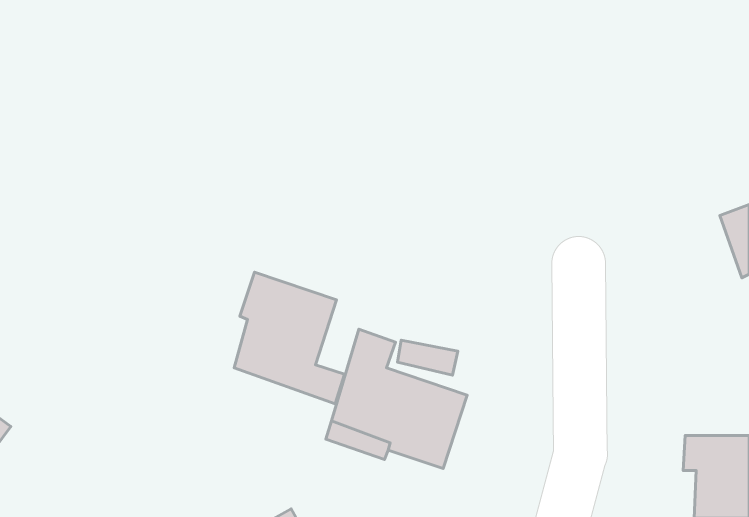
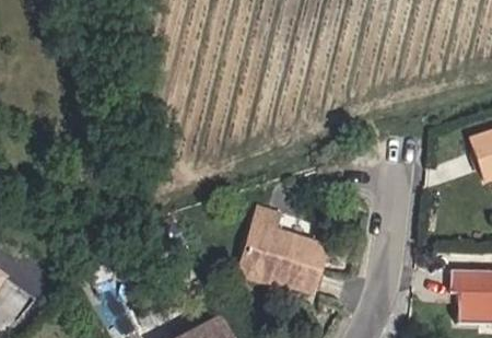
building: [234,272,345,404] -> none

